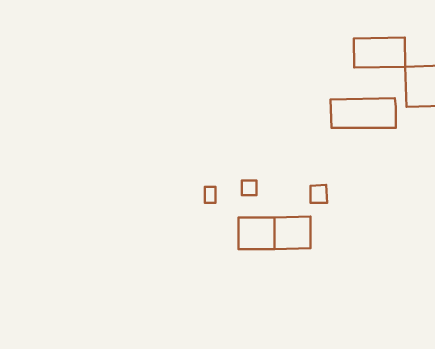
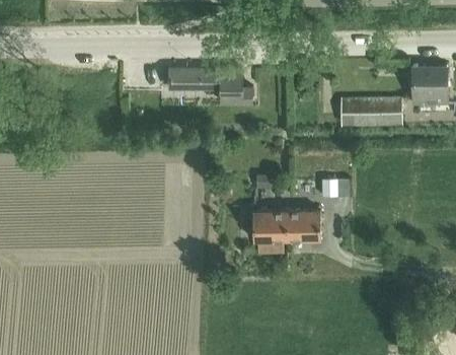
building: [354,38,405,68] -> none
building: none -> [172,68,251,103]

